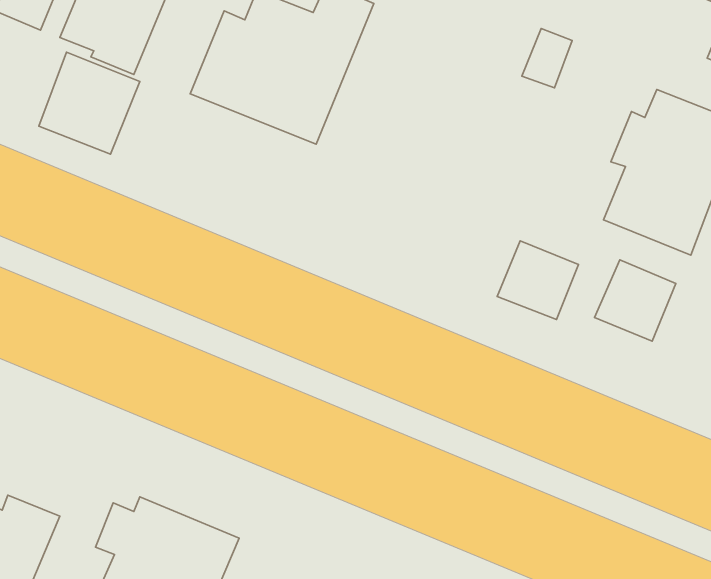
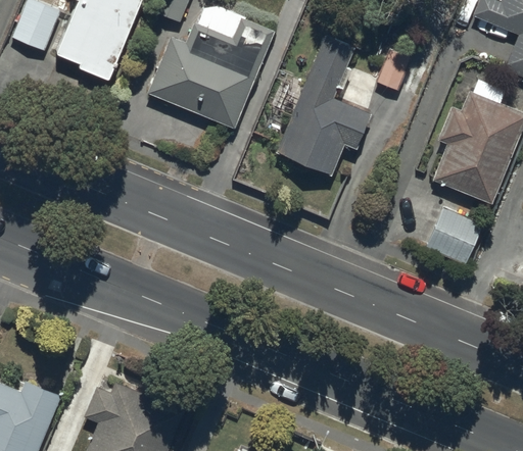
building: none -> [277,37,370,174]
building: [39,52,140,154] -> none
building: [497,241,578,320] -> none

